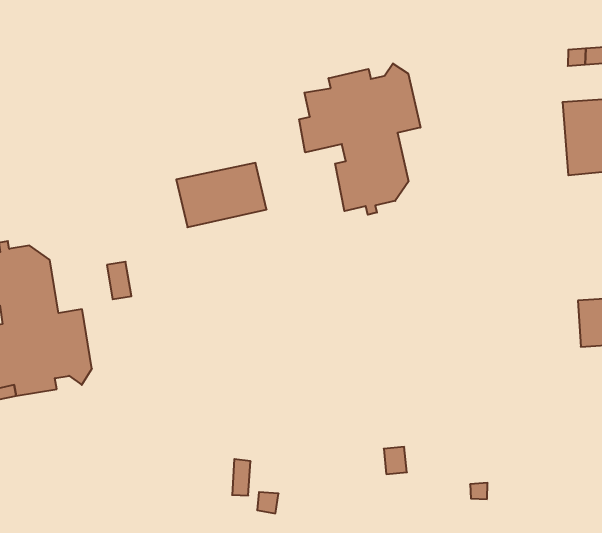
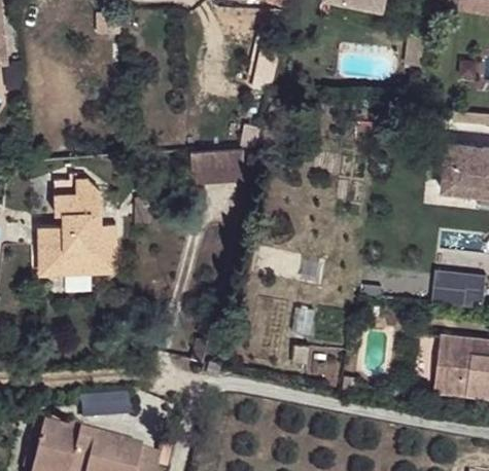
building: [299,63,420,215] -> none

